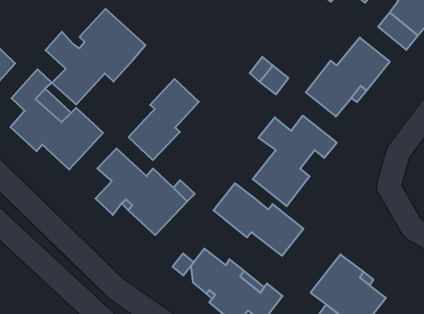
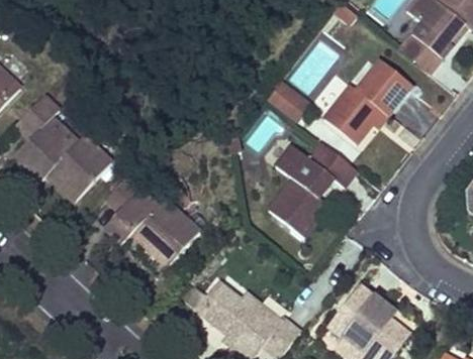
building: [45,9,146,105] -> none
building: [129,79,199,160] -> none
building: [213,183,303,256] -> none

